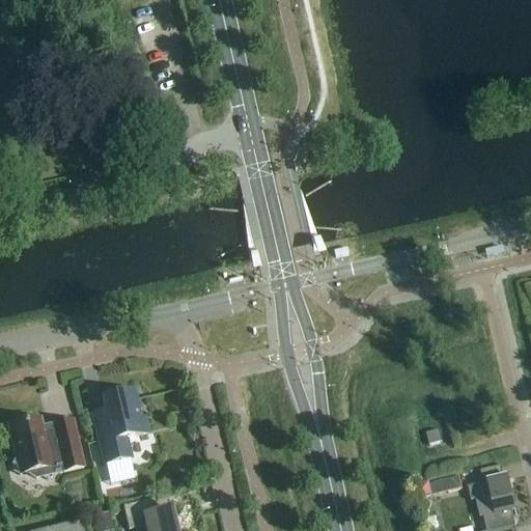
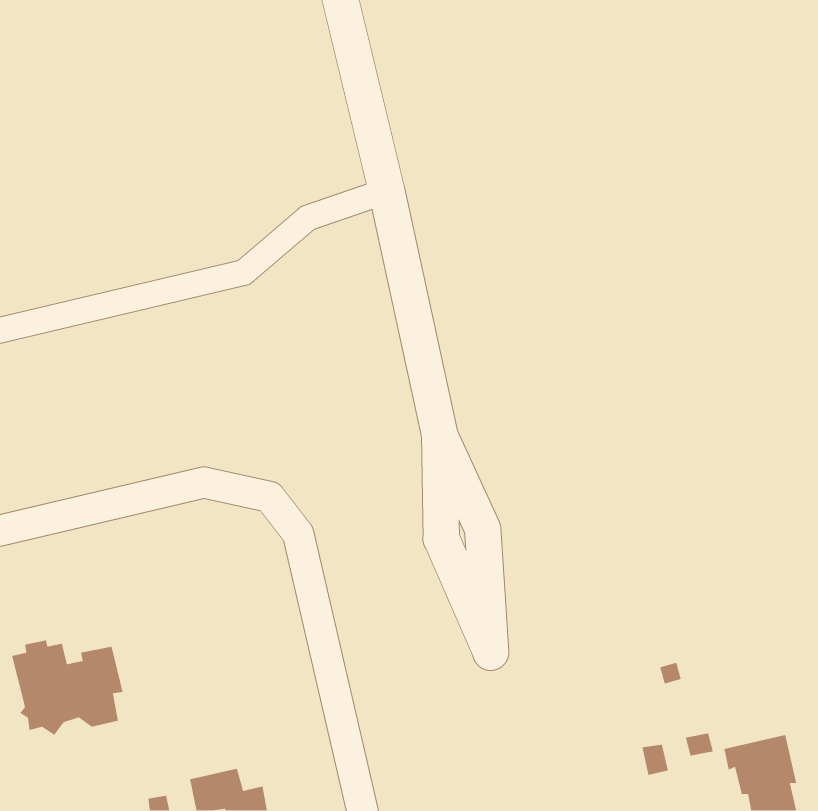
building: [93,390,148,482] -> none

